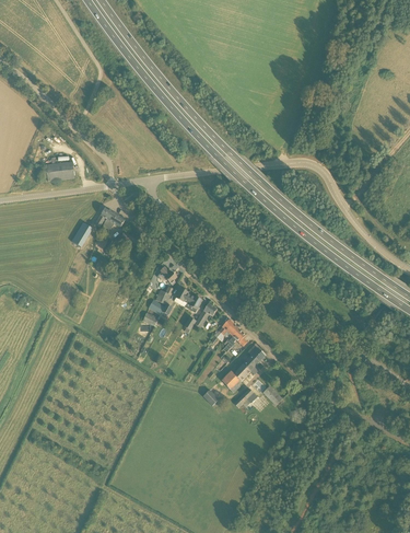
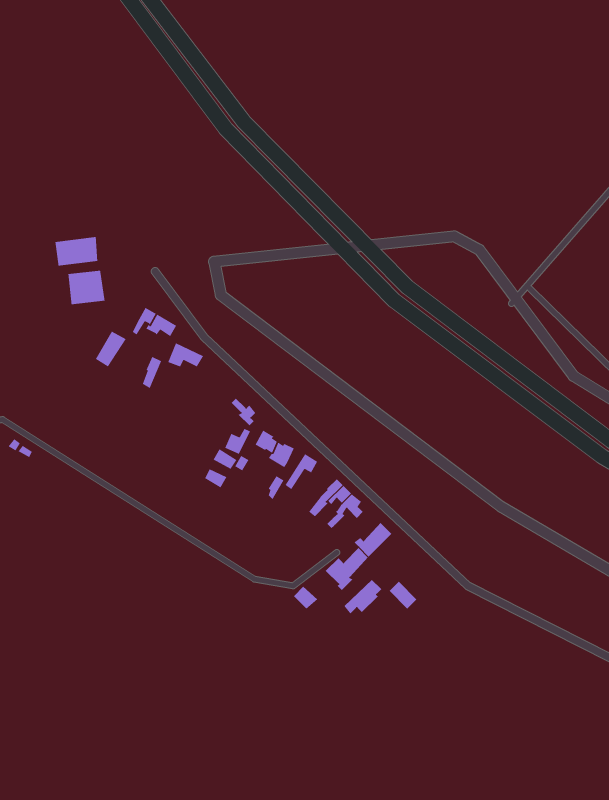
building: none -> [67,270,106,305]

